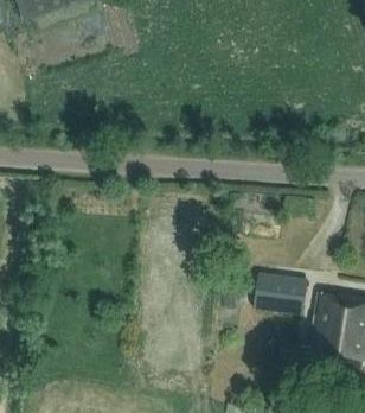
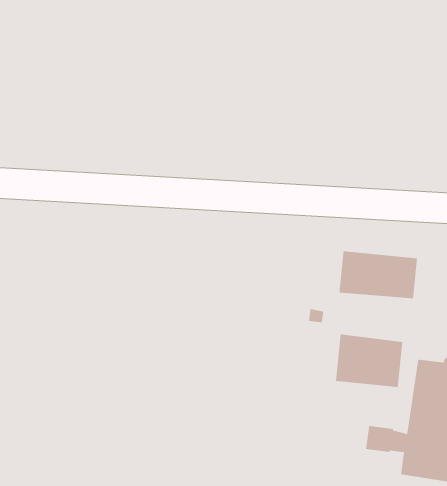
building: none -> [339,250,417,299]

